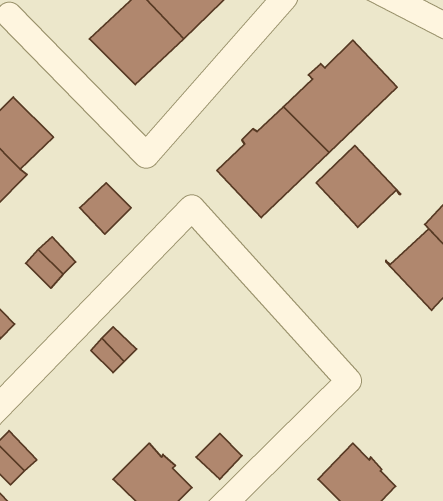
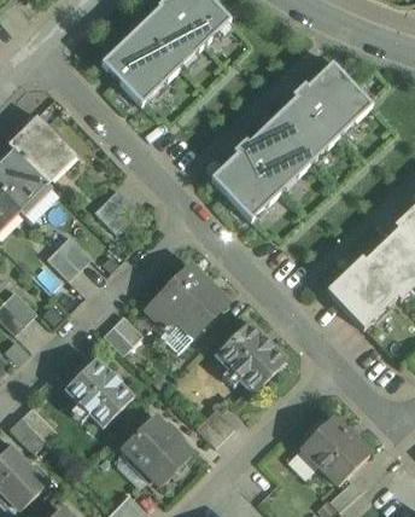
building: [316,146,401,227] -> [326,258,399,330]
building: none -> [147,266,226,353]
building: none -> [216,324,285,391]
building: none -> [64,359,133,428]

